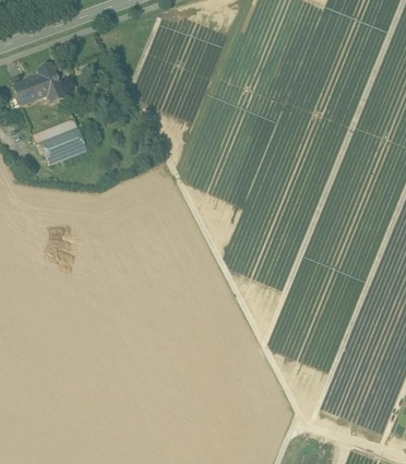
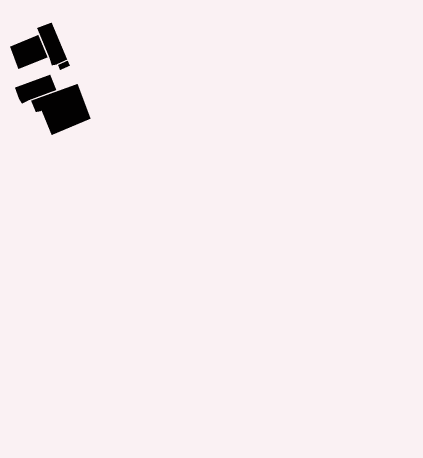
building: none -> [14,74,57,105]

